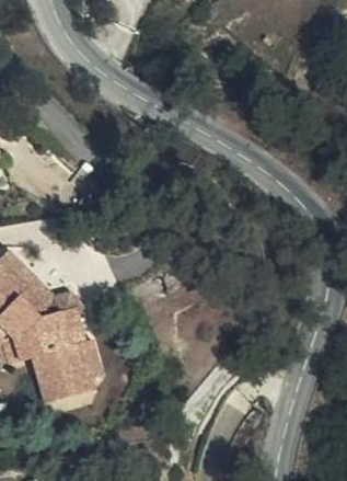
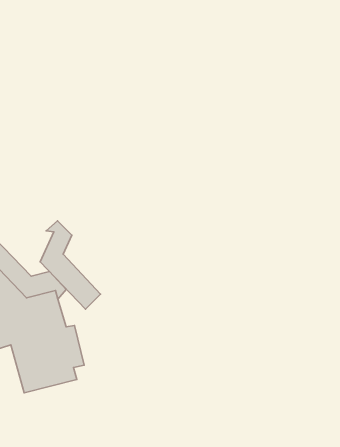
building: none -> [40,221,101,309]

